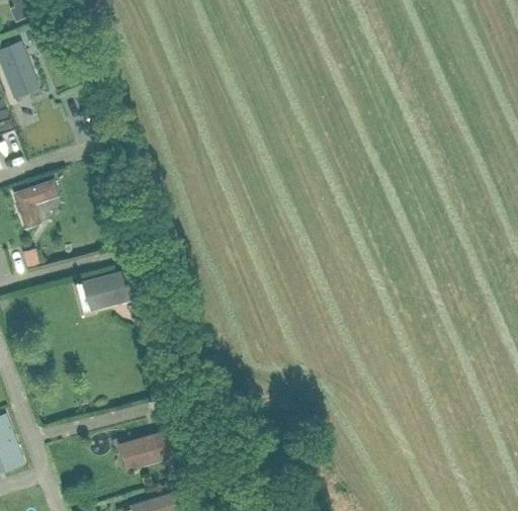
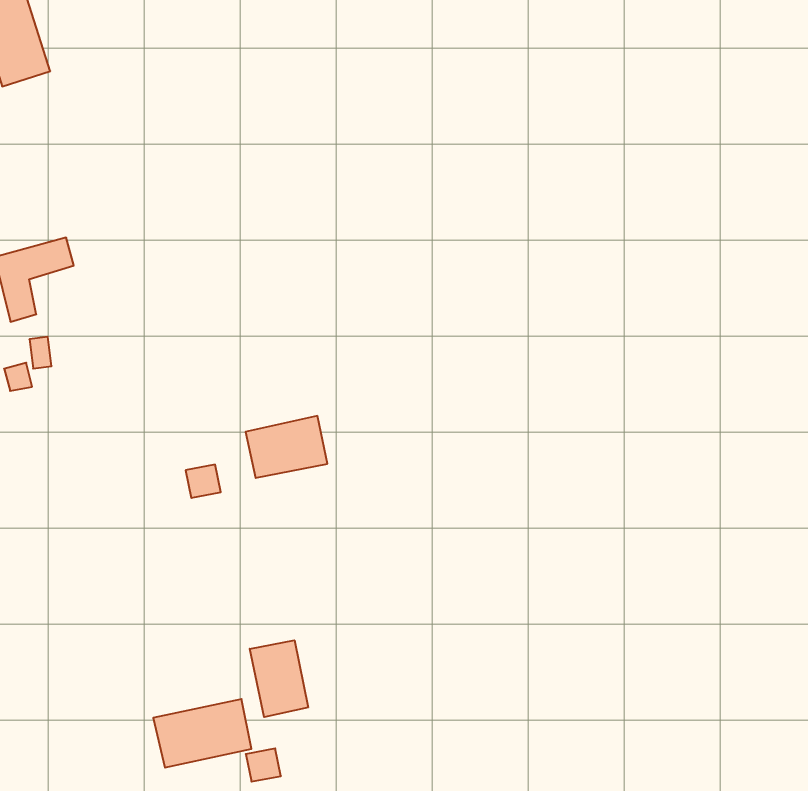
building: [81,272,127,309] -> [246,416,327,478]
building: none -> [250,640,308,717]

